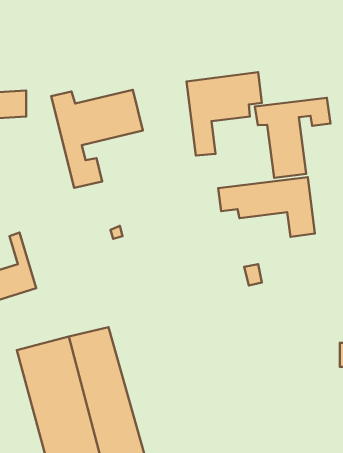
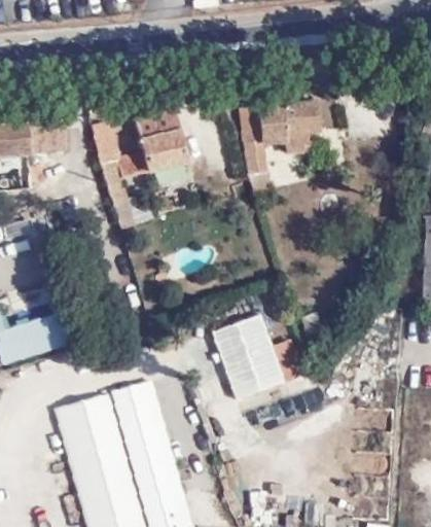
building: [255,98,330,178] -> none
building: [218,177,315,237] -> none
building: none -> [212,313,286,398]

